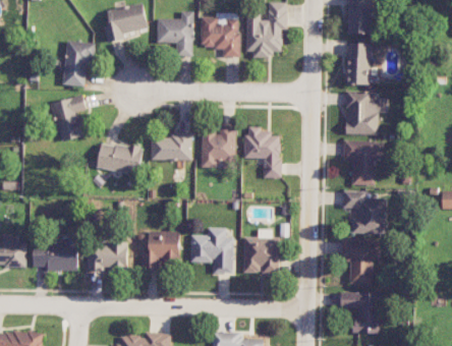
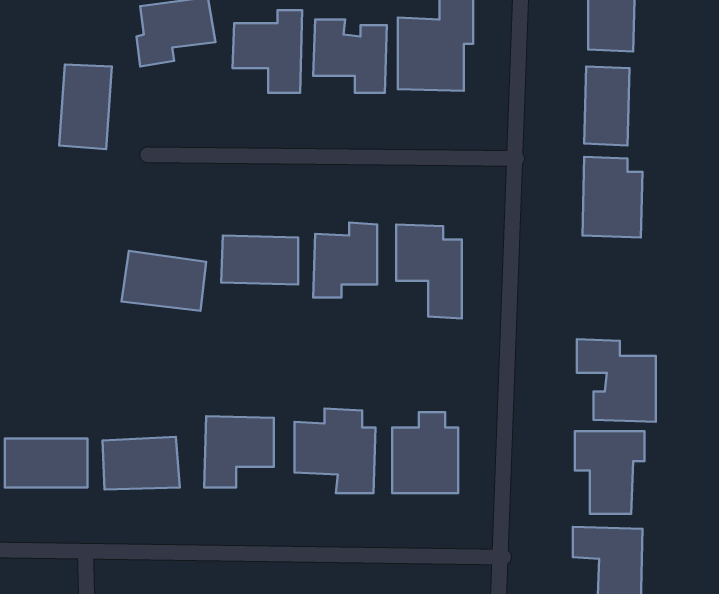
building: [50,96,86,142] -> none
building: [343,140,384,186] -> none

